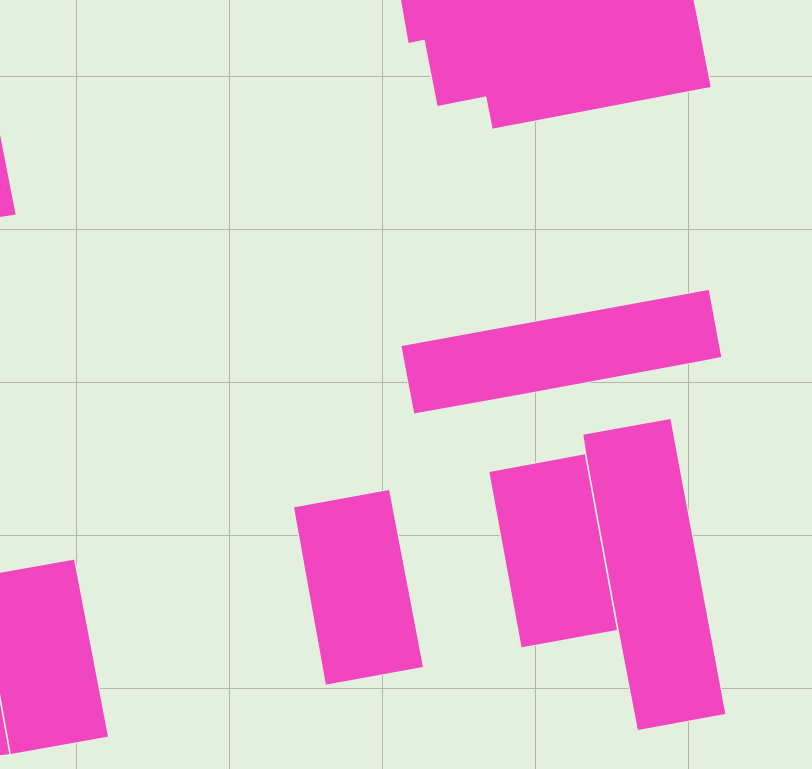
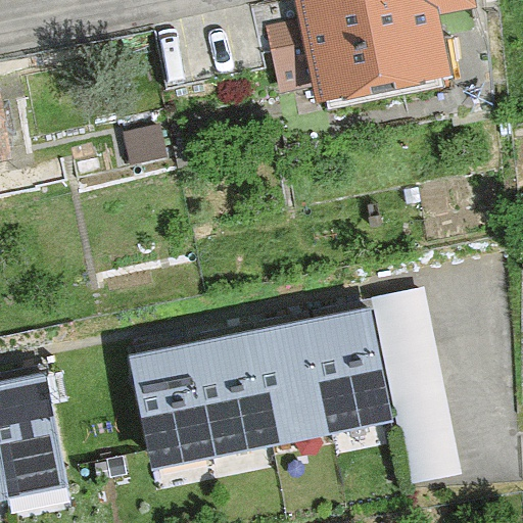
building: [401,289,722,414] -> none
building: none -> [248,321,331,444]
building: none -> [126,343,207,467]

